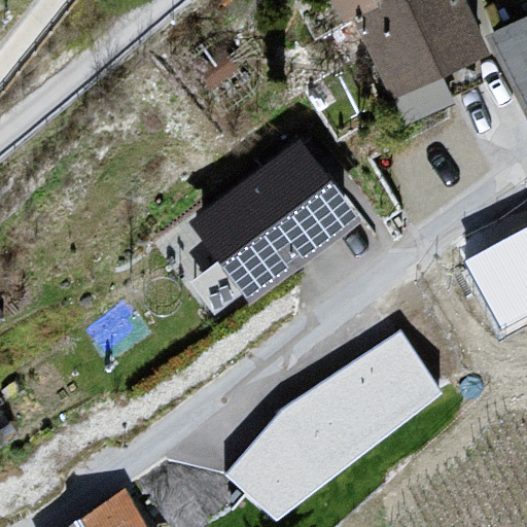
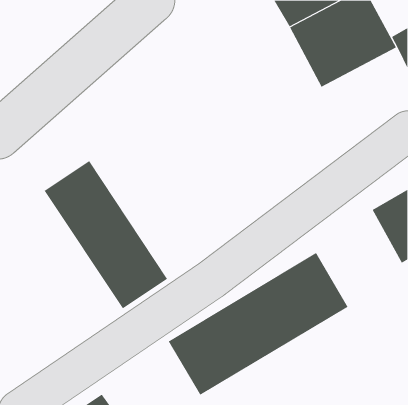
building: [183,135,360,304] -> none
building: none -> [44,160,168,309]

